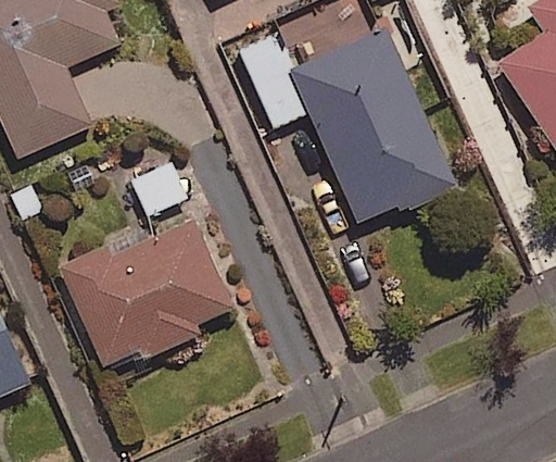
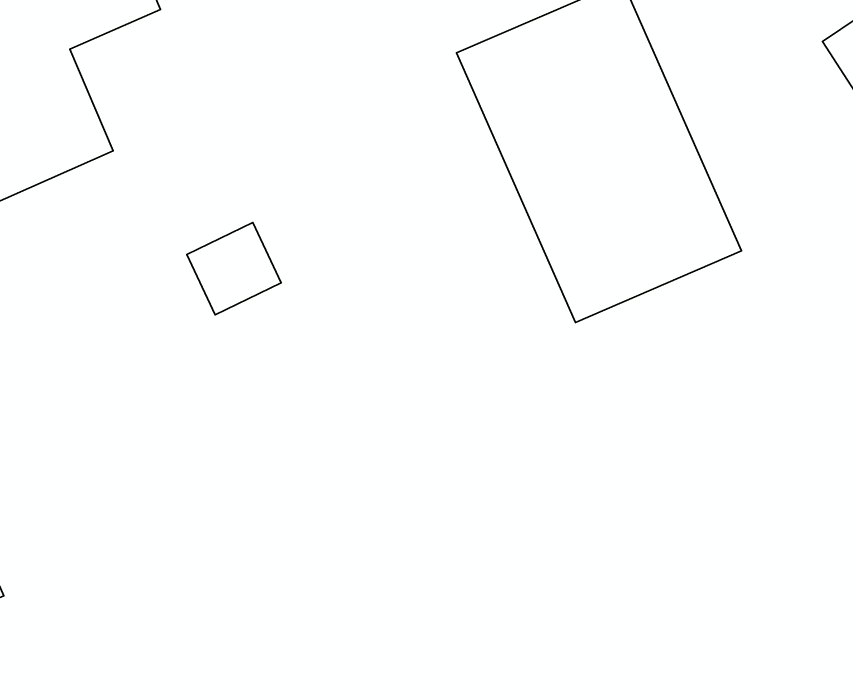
building: [59,220,230,364] -> none

